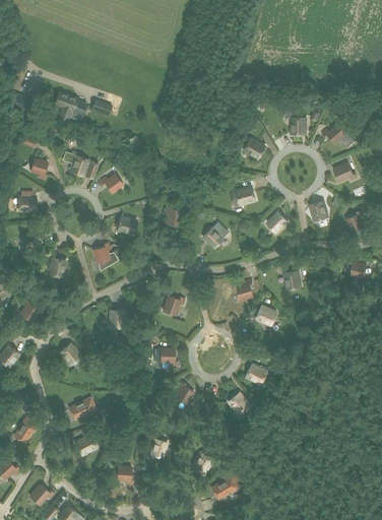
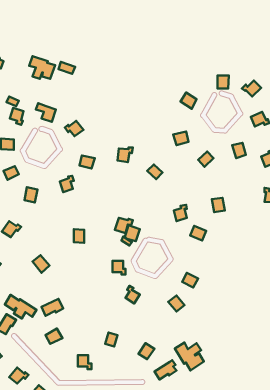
building: none -> [5,295,37,318]
building: none -> [175,343,204,370]

